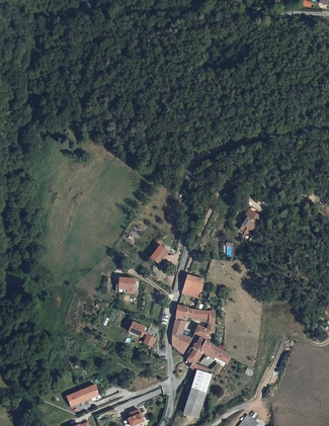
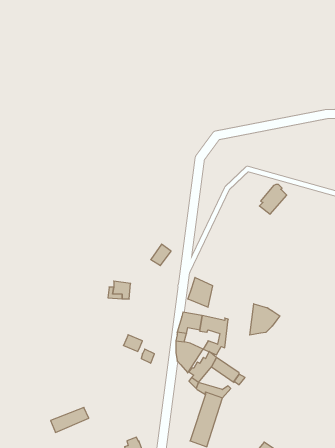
building: none -> [250,304,280,335]

